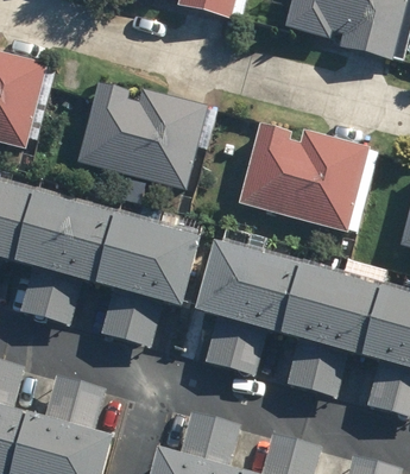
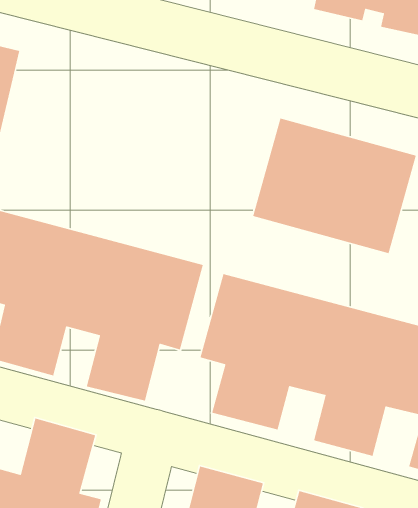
building: [77,82,206,190] -> none

